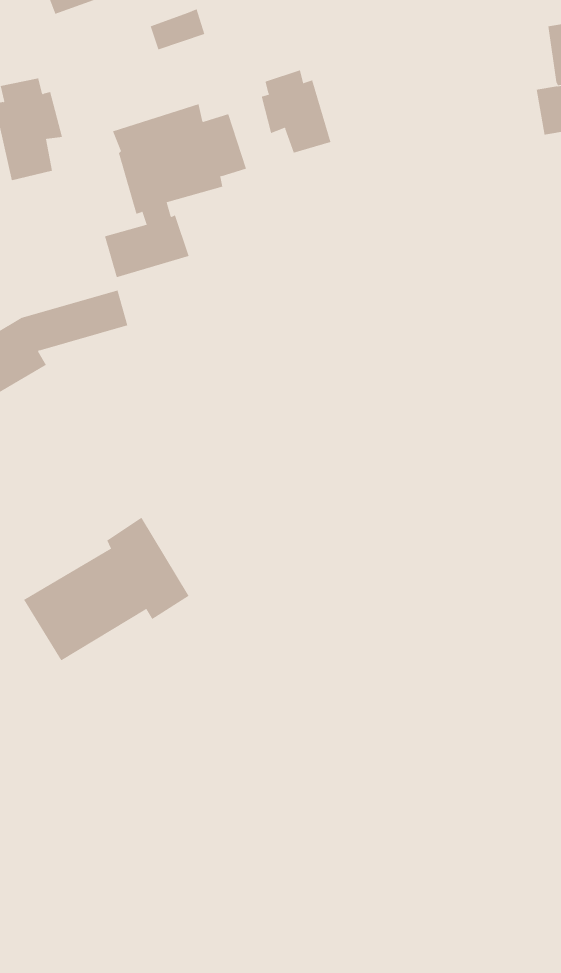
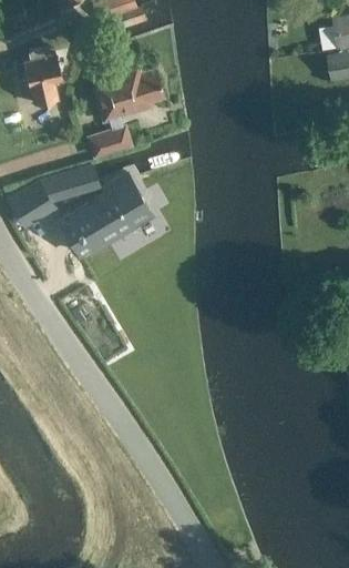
building: [261,69,331,154] -> none
building: [23,517,189,661] -> [60,174,153,255]

